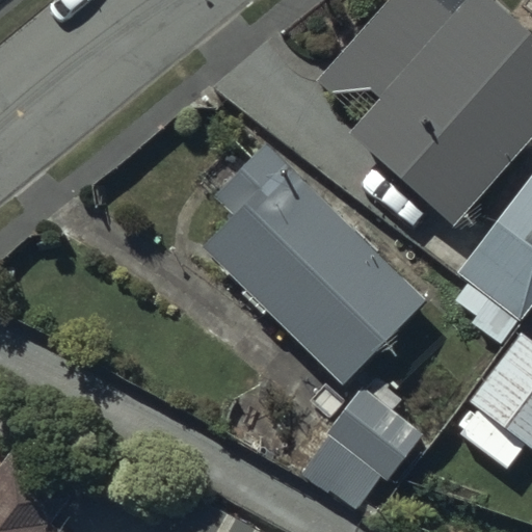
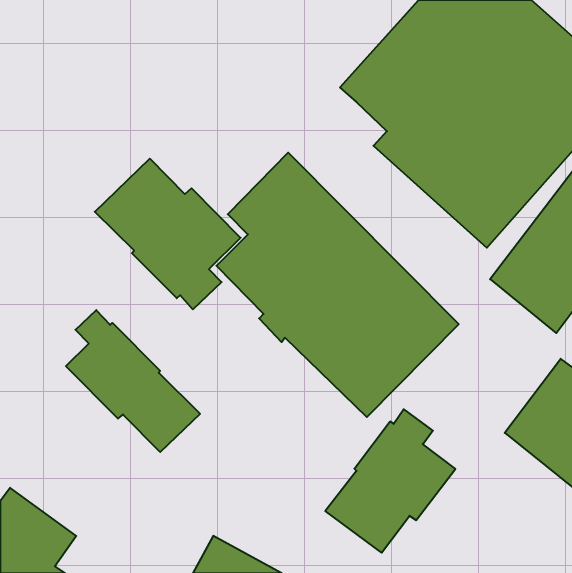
building: none -> [95,159,241,309]
building: none -> [66,310,200,452]

